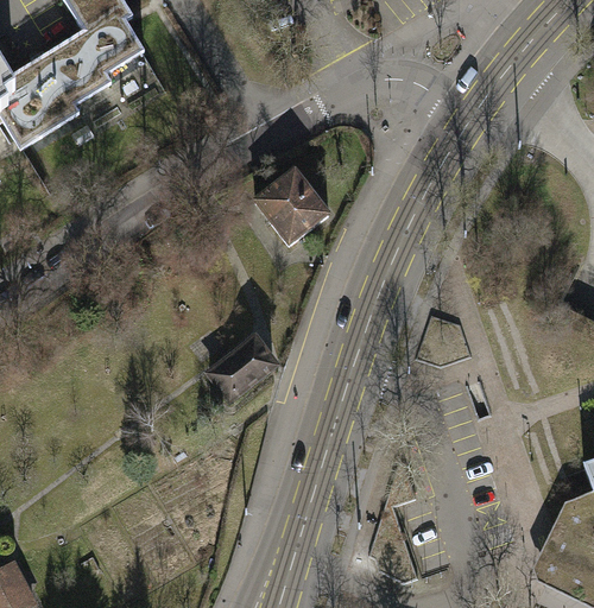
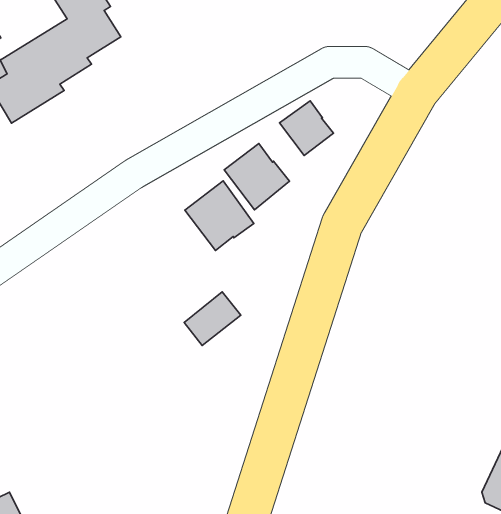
building: none -> [279,101,333,156]
building: none -> [185,181,254,251]

